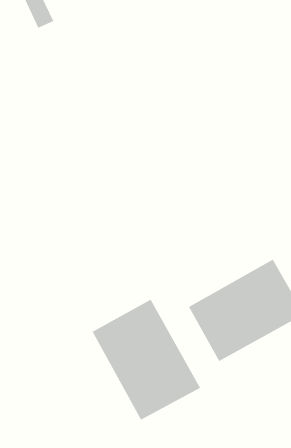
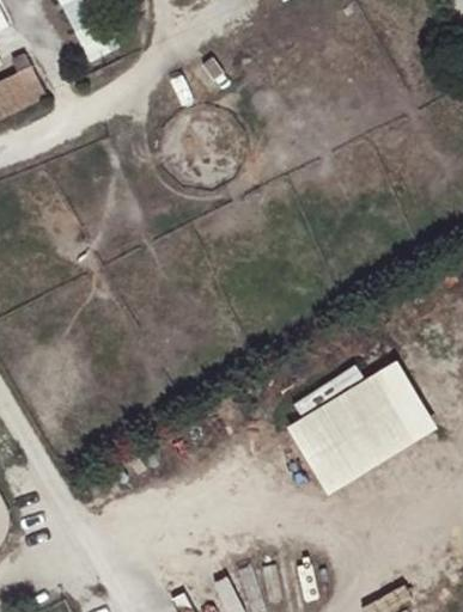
building: [92,299,201,421] -> none

